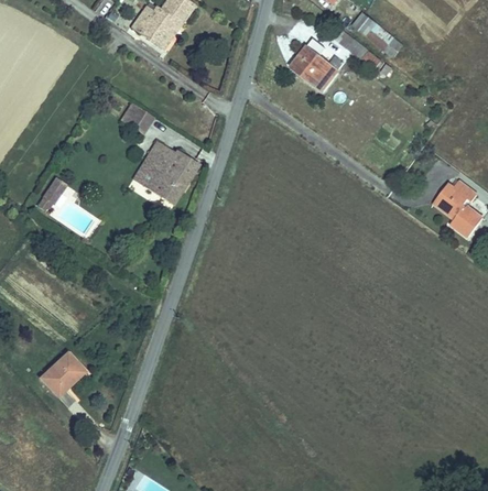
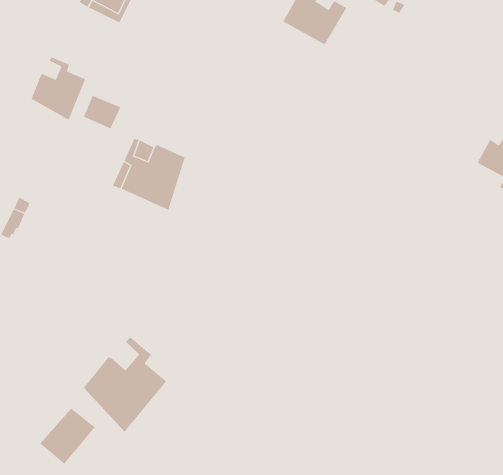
building: none -> [31,56,86,120]
building: none -> [83,336,167,432]

